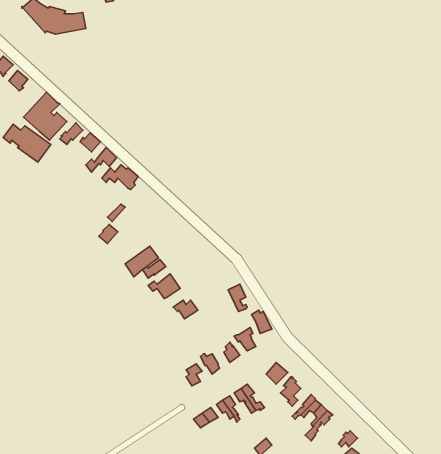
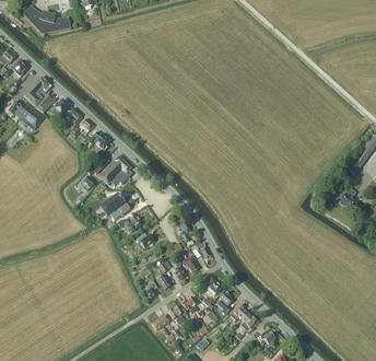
building: none -> [98,156,132,185]

